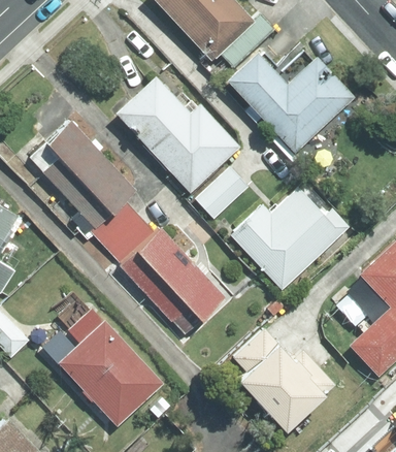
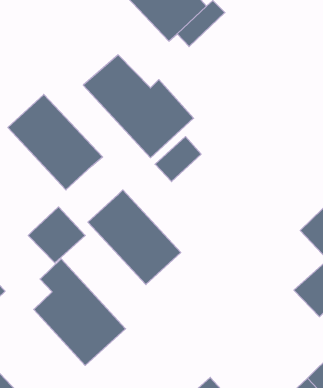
building: [228,53,354,152] -> none
building: [232,189,349,290] -> none
building: [91,201,155,264] -> [28,207,85,263]
building: [234,330,333,429] -> none

